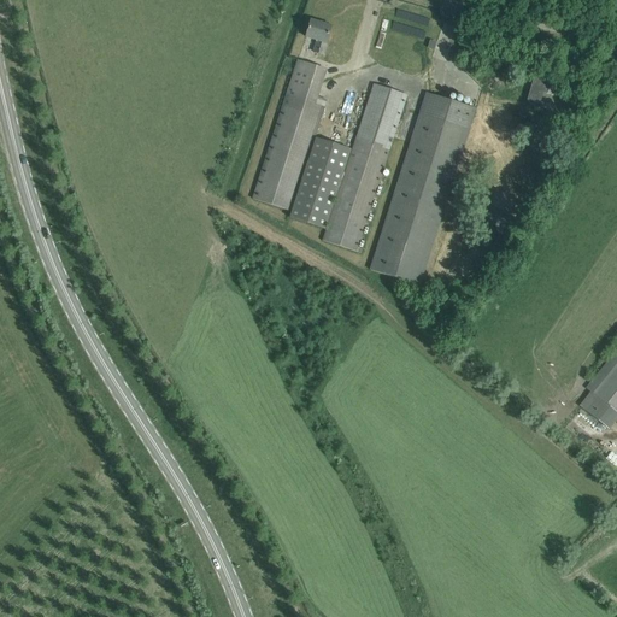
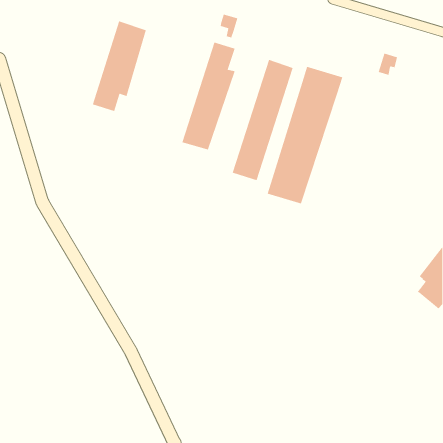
building: none -> [92,20,146,112]
building: [288,136,349,228] -> none

